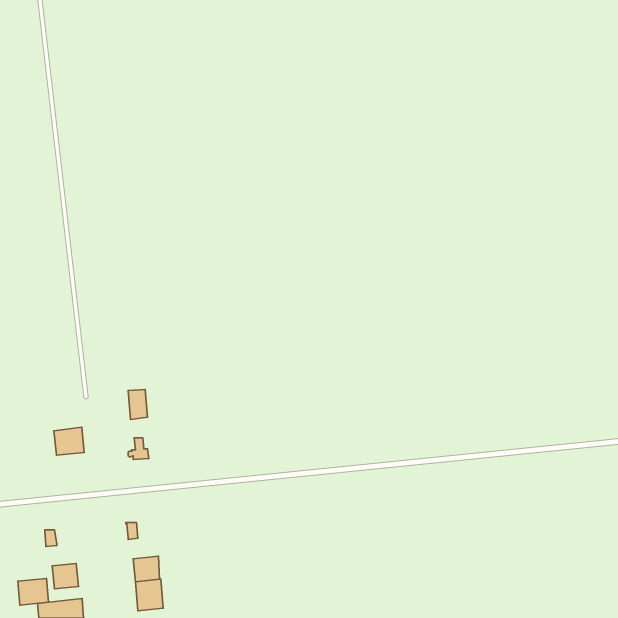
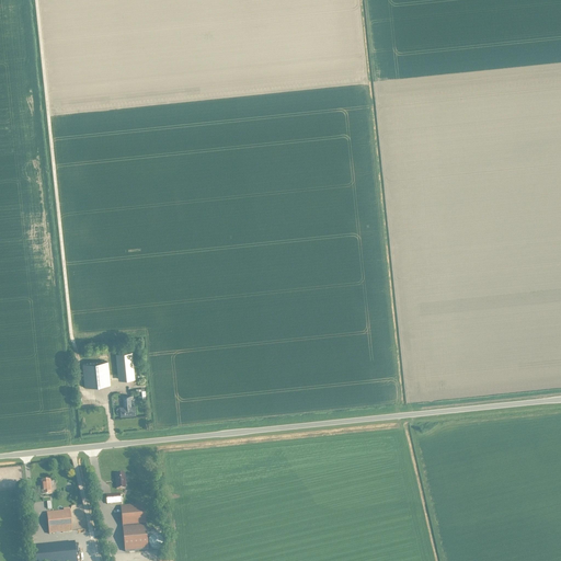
building: [54,427,84,455] -> [82,362,110,387]
building: [18,578,49,605] -> none

